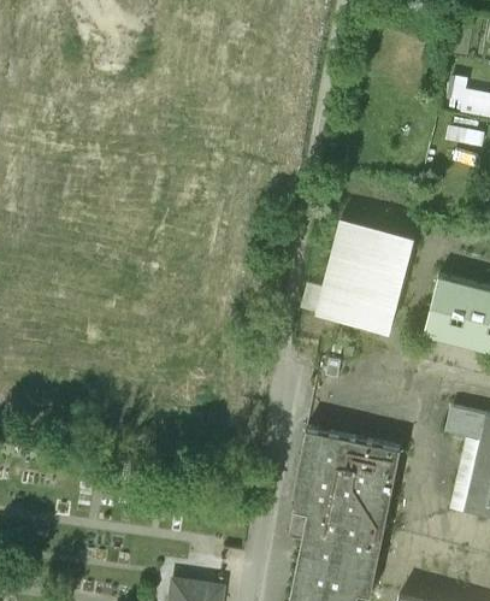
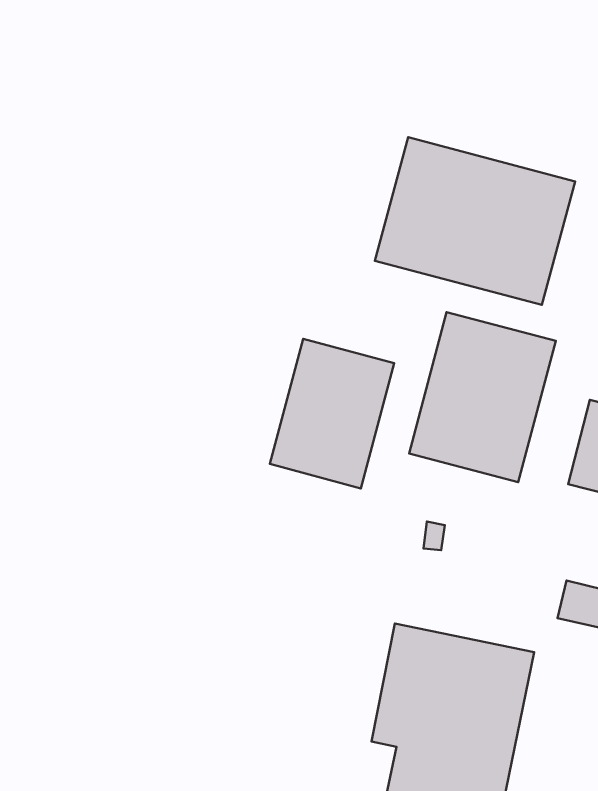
building: none -> [375,137,575,305]
building: none -> [270,339,394,488]

